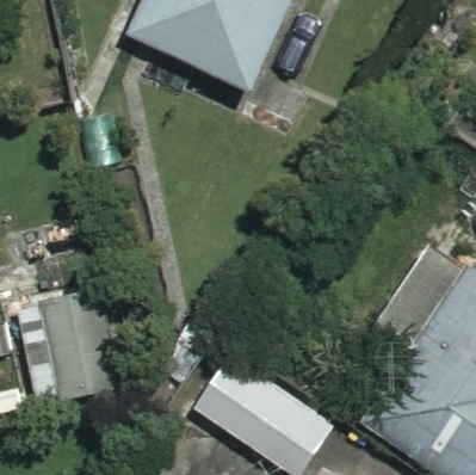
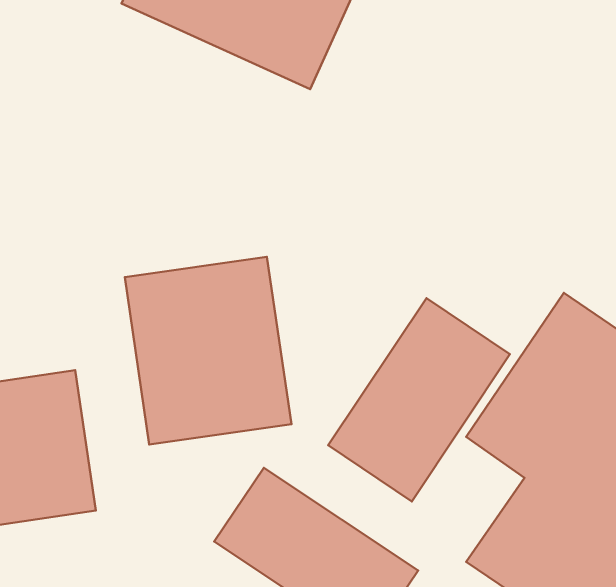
building: none -> [125,257,292,445]
building: none -> [328,298,510,501]

